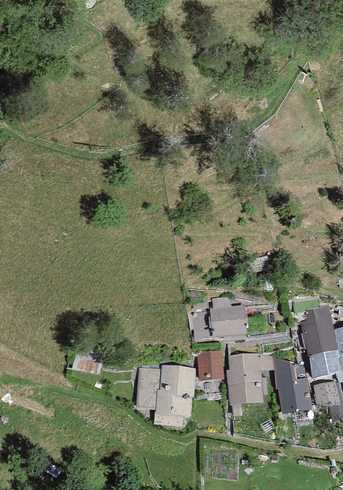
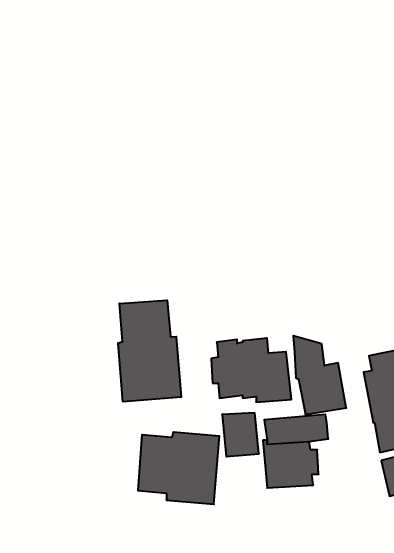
building: none -> [118,300,181,402]
building: [274,358,313,416] -> [293,336,346,415]

